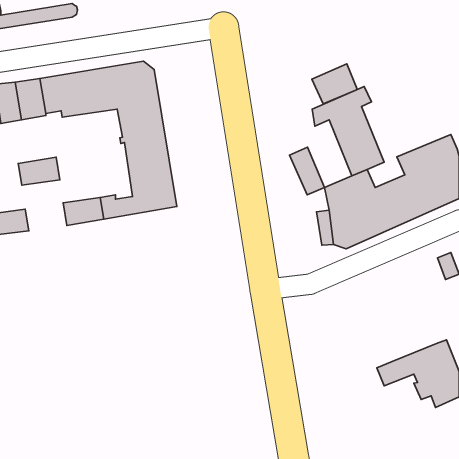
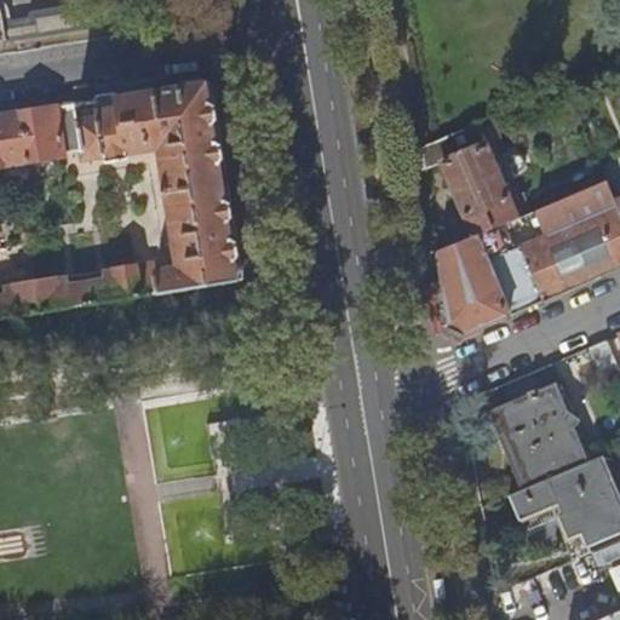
building: [312,64,357,104] -> none
building: [289,147,325,195] -> none
building: [18,157,60,185] -> [34,272,90,310]
building: none -> [494,384,586,486]

